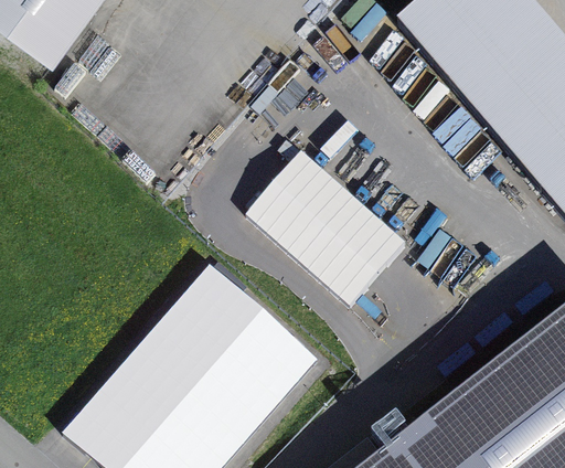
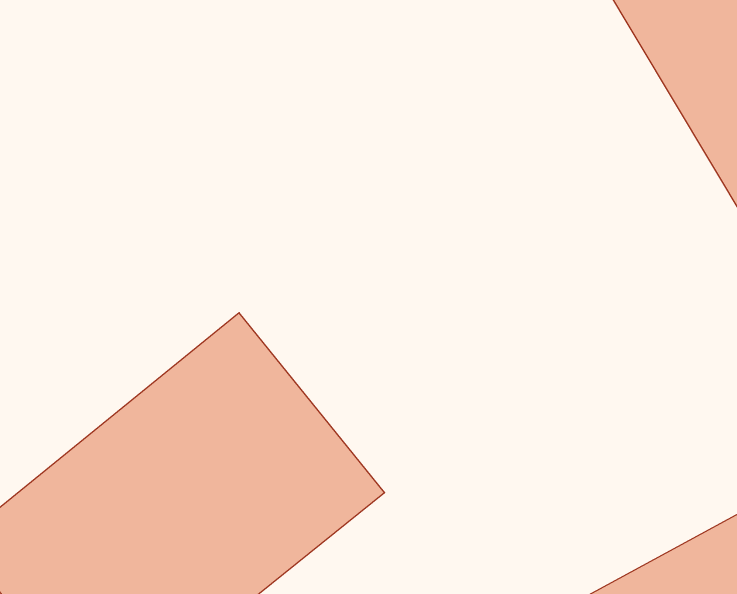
building: [248,150,407,305] -> none

